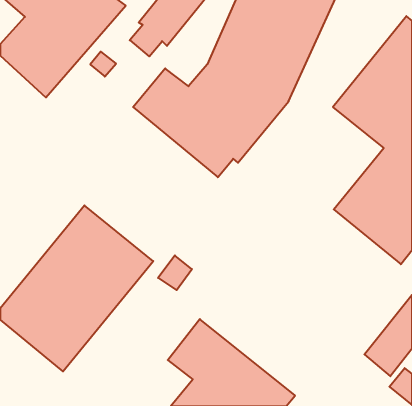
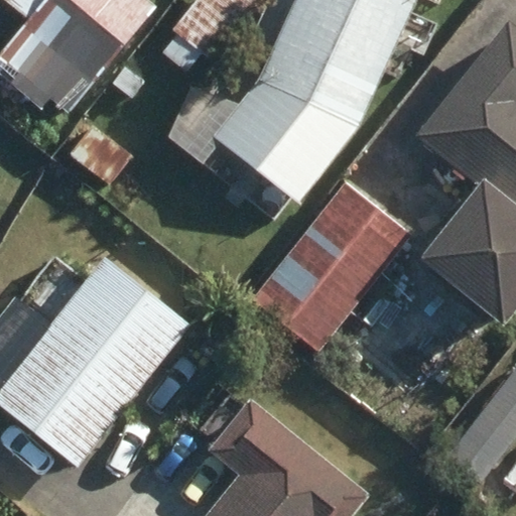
building: none -> [250,181,411,353]

